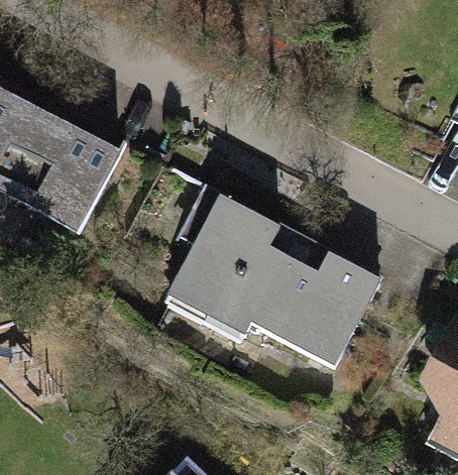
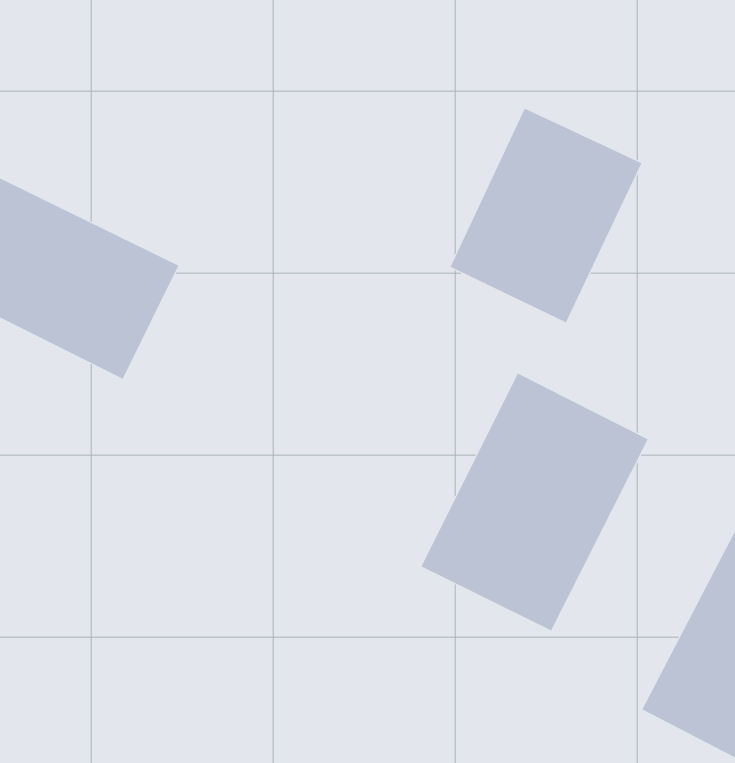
building: none -> [450,108,642,323]
building: [179,191,309,341] -> none

